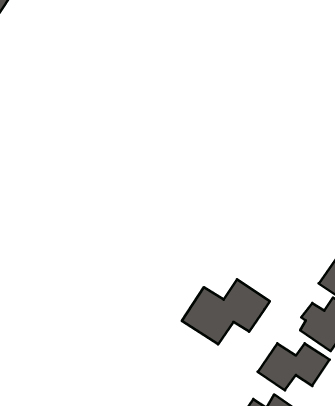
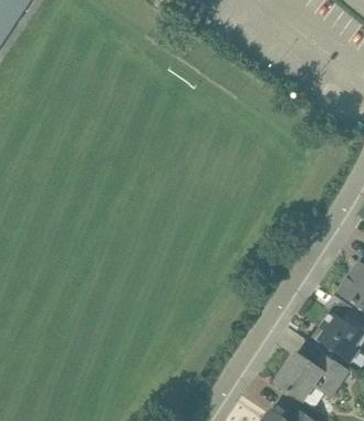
building: [182,279,270,344] -> none

